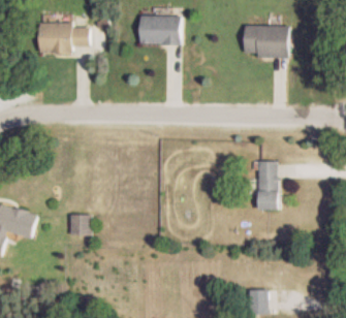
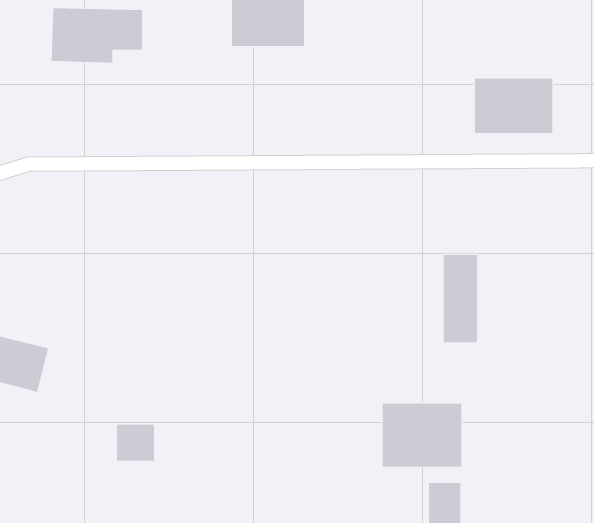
building: [243,25,287,56] -> [474,78,553,134]
building: [68,215,90,235] -> [116,424,155,461]
building: none -> [382,403,462,467]

